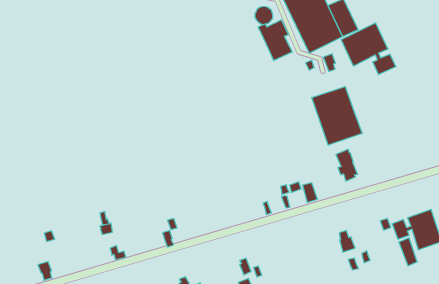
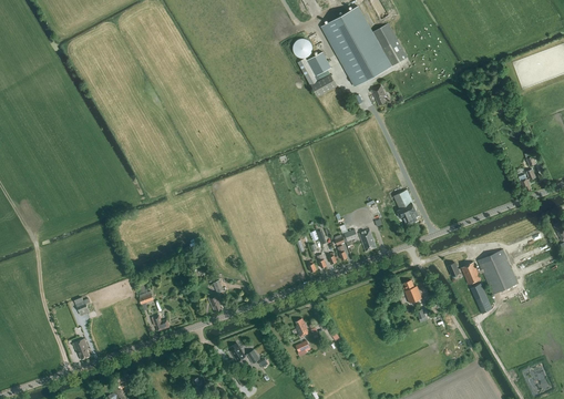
building: [341,23,396,75] -> none
building: [312,86,362,145] -> none

